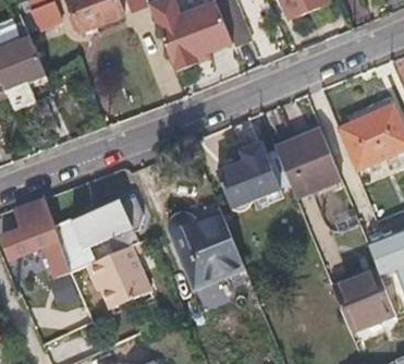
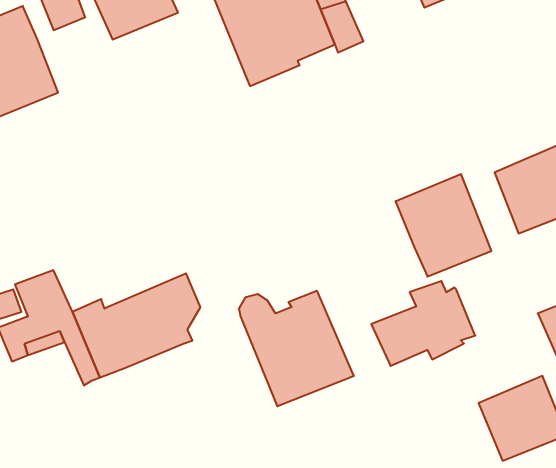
building: [218,144,289,202] -> [371,281,475,366]
building: [91,246,149,307] -> none

